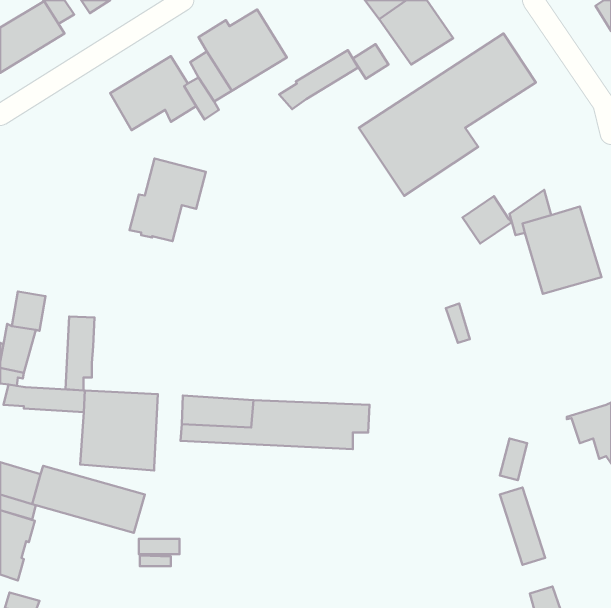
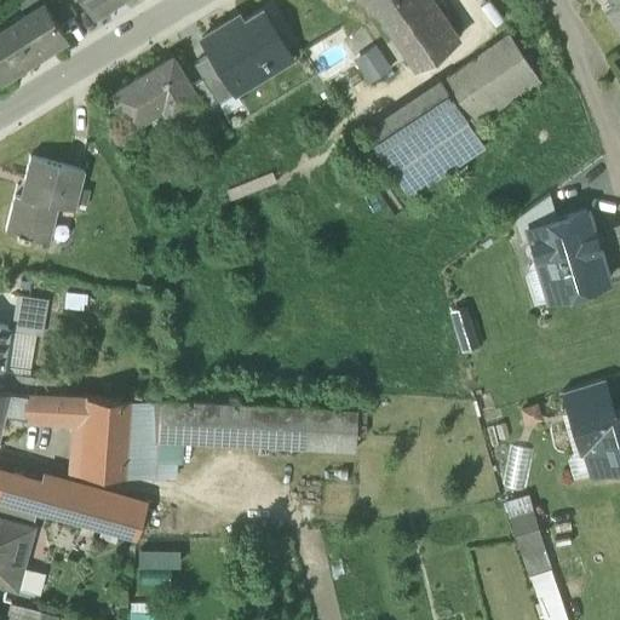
building: [279,50,358,109] -> none
building: [129,159,206,241] -> [5,160,82,243]
building: [462,196,512,244] -> none
building: [66,316,94,391] -> [156,402,185,477]
building: none -> [563,380,614,425]

